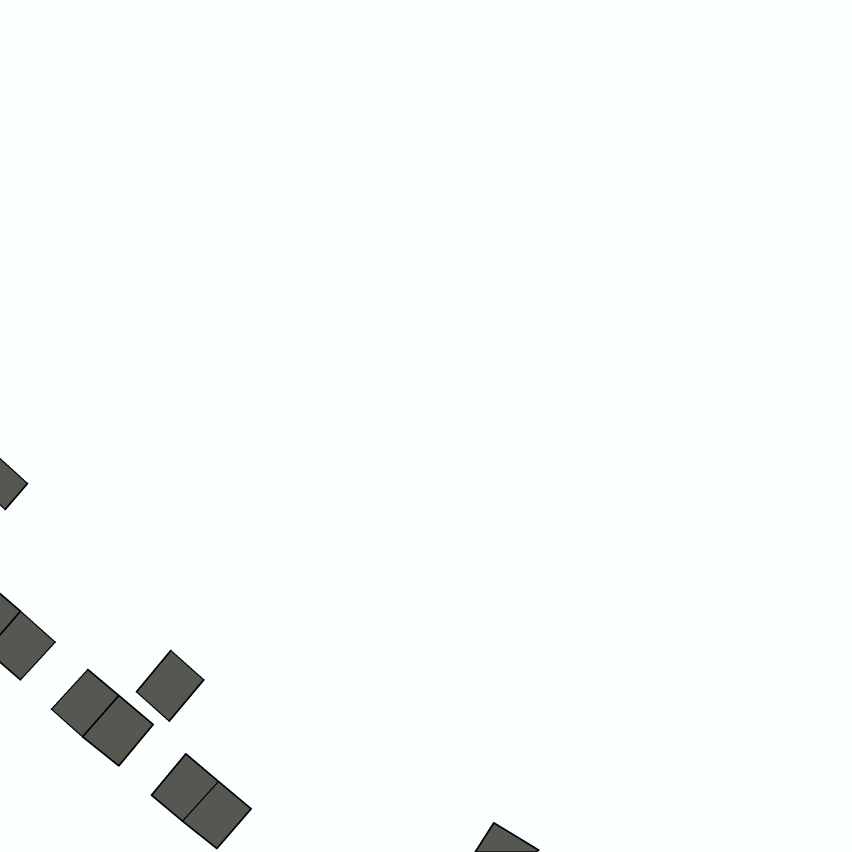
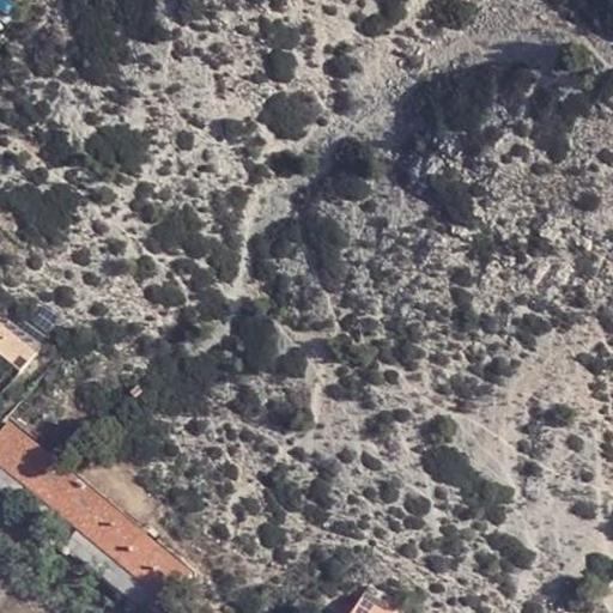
building: none -> [14,447,61,493]
building: [137,651,204,721] -> [83,504,129,553]

